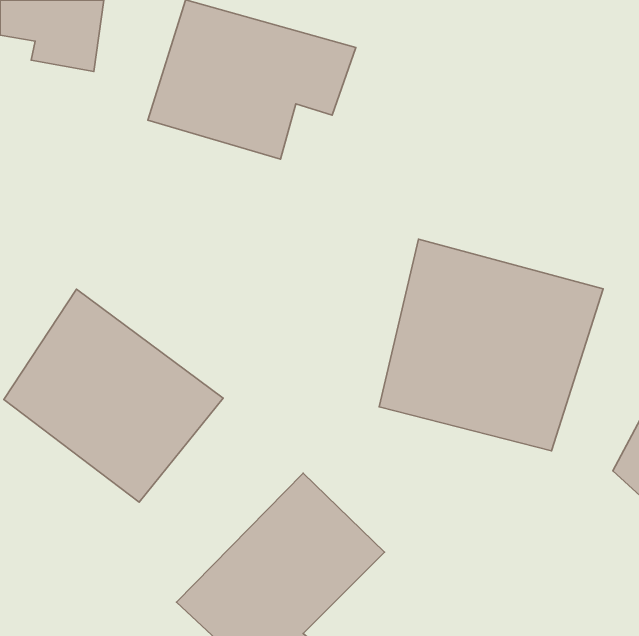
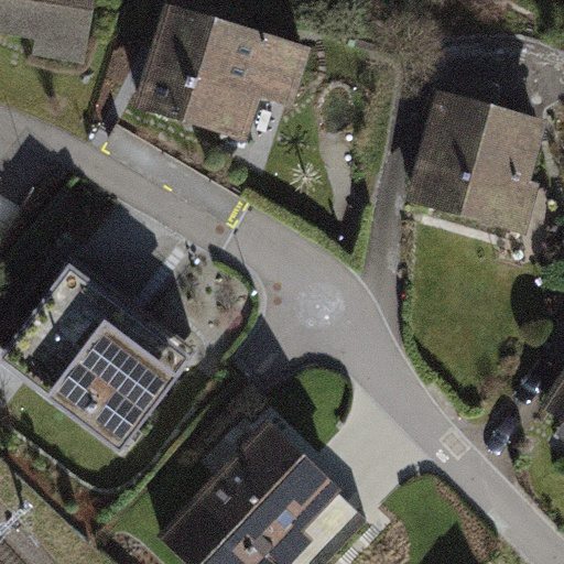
building: none -> [408,88,550,235]
building: [379,239,603,451] -> none

